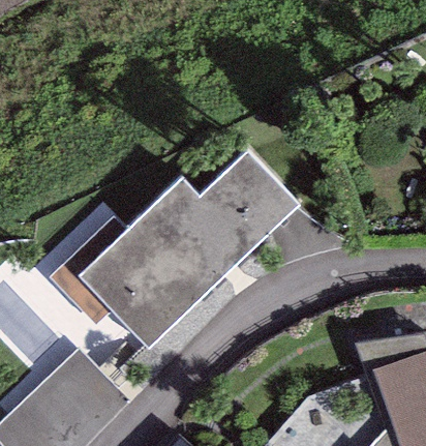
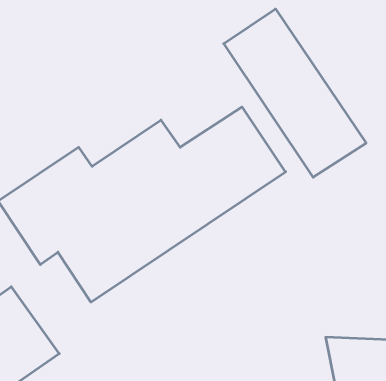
building: none -> [224,9,366,177]

